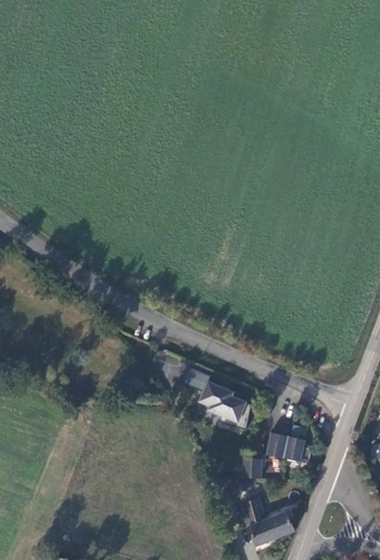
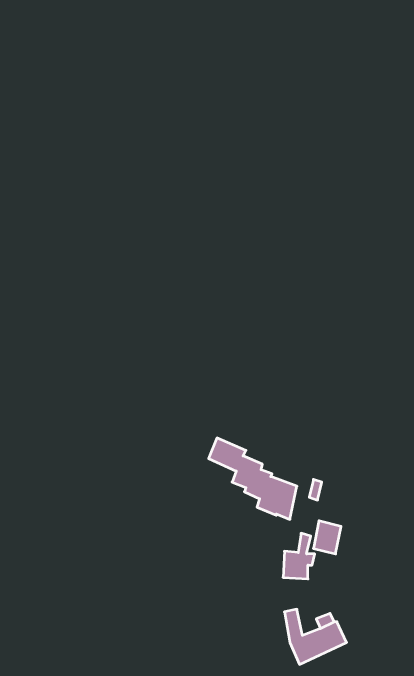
building: [283,424,311,462] -> none

